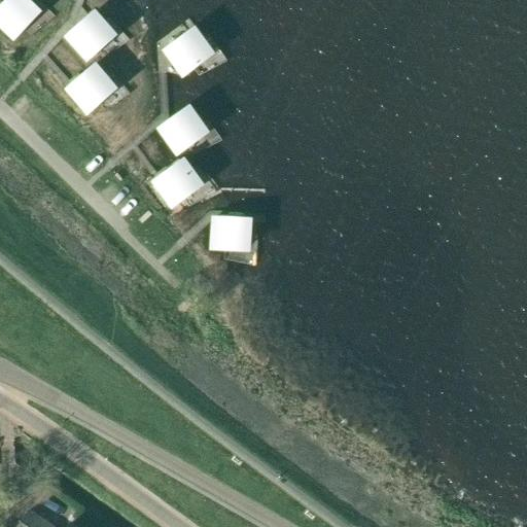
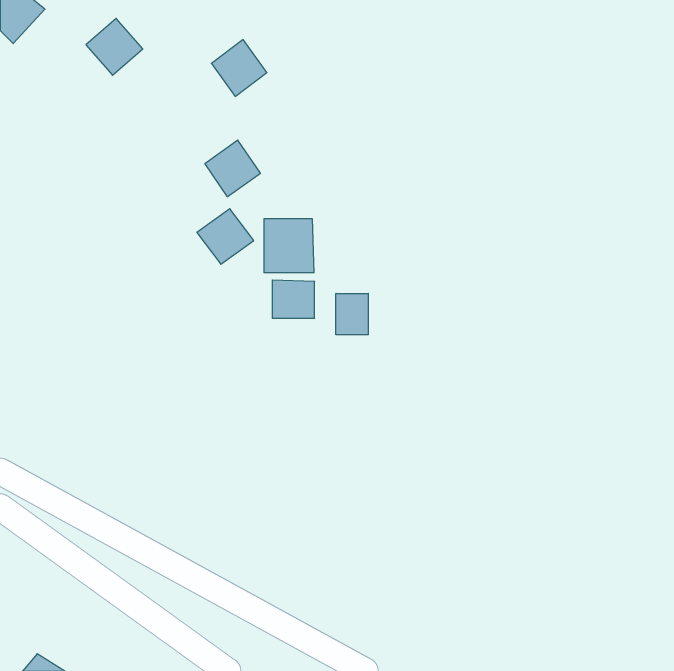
building: [68,67,112,111] -> none
building: none -> [264,219,314,273]
building: none -> [336,293,368,335]

